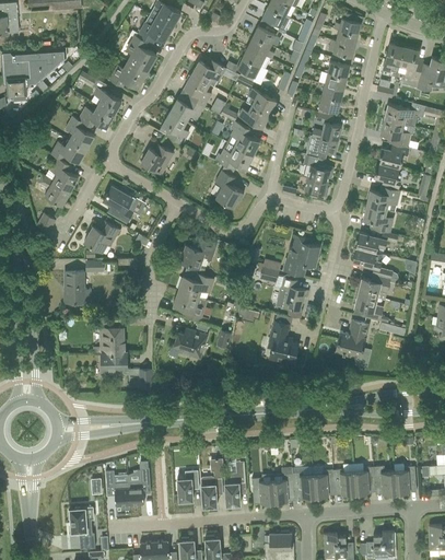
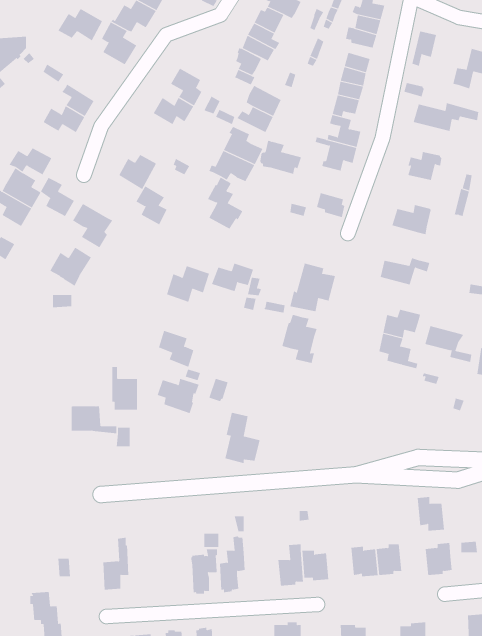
building: [399,47,422,88] -> none
building: [191,59,226,84] -> none
building: [109,61,147,89] -> [58,8,103,41]
building: [162,112,188,144] -> [136,186,167,225]
building: [66,116,94,149] -> [40,177,75,217]
building: [380,119,414,147] -> none
building: [298,154,333,183] -> [259,140,302,174]
building: [374,163,401,190] -> none
building: [363,205,393,233] -> none
building: [352,247,391,278] -> [424,325,472,363]
building: [65,271,91,303] -> none
building: [178,273,213,298] -> [211,263,254,292]
building: [101,317,122,353] -> [111,367,138,410]
building: [269,320,298,363] -> [225,412,260,464]
building: [335,320,368,358] -> none
building: [373,466,396,494] -> [417,497,445,531]
building: [105,470,129,506] -> none
building: [177,470,199,503] -> none
building: [313,470,335,497] -> none
building: [251,478,274,503] -> none

